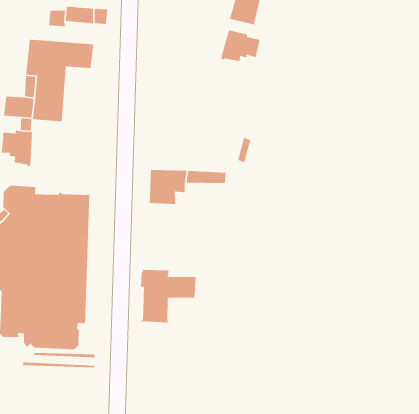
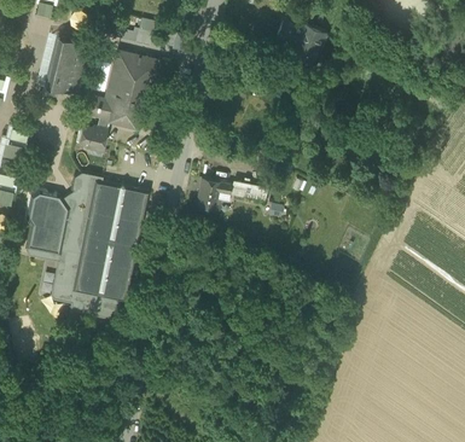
building: [221,29,260,62] -> none
building: [140,269,196,323] -> none

